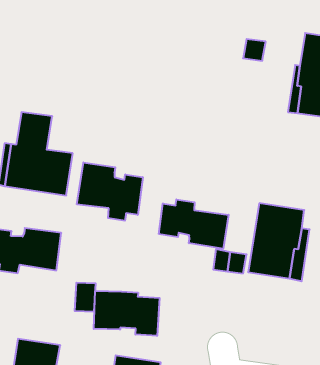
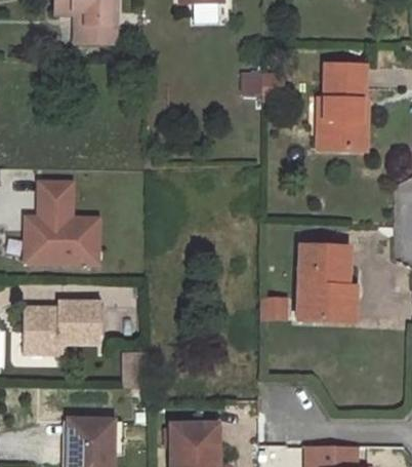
building: [77,162,143,221] -> none
building: [159,199,229,249] -> none
building: [94,291,160,336] -> none

